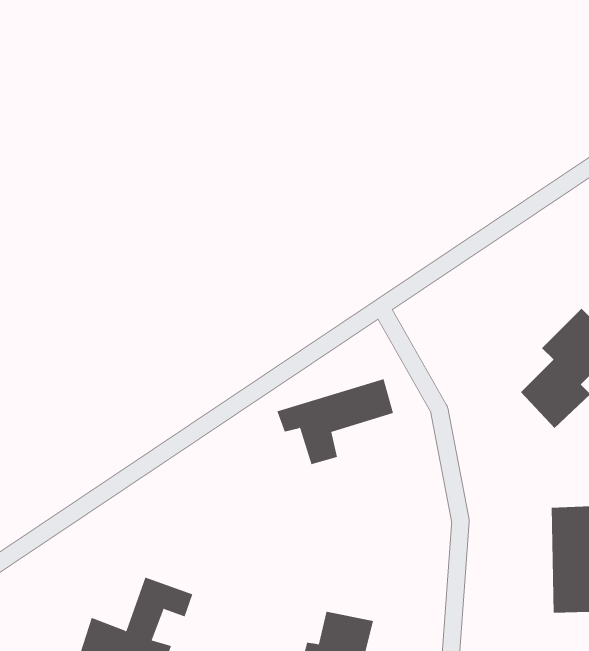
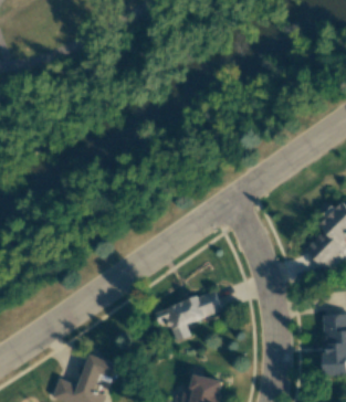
building: [276,378,394,465] -> [154,292,221,341]

